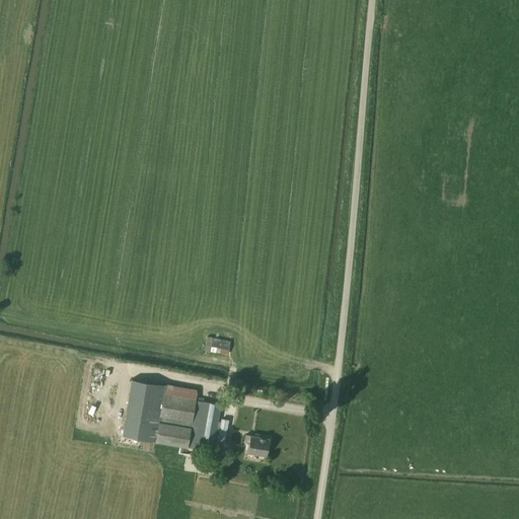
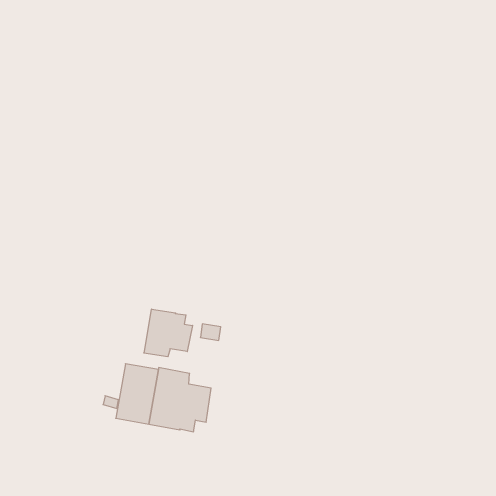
building: none -> [144,309,193,357]
building: [245,436,270,457] -> none

